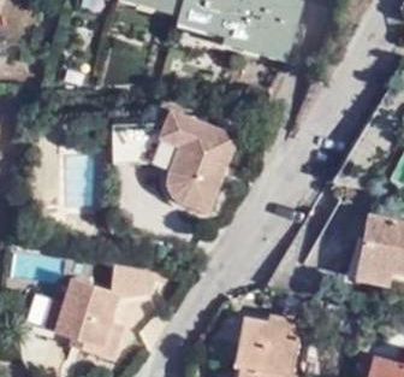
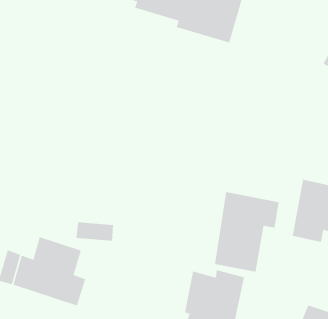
building: [113,111,238,212] -> none
building: none -> [214,191,280,273]

